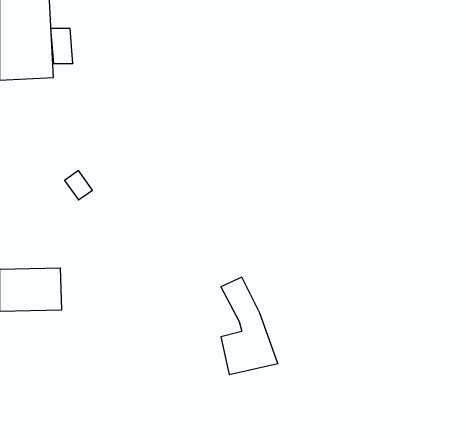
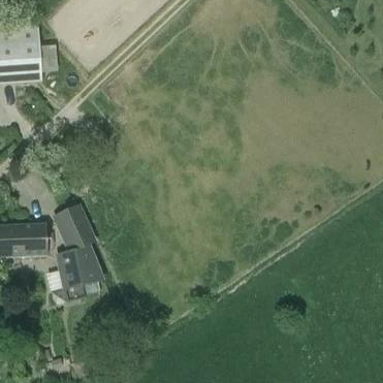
building: [221,277,278,375] -> [58,215,100,287]

